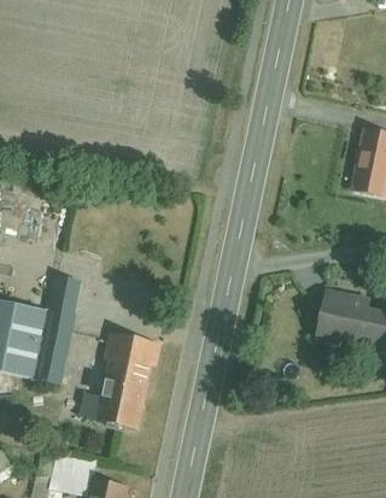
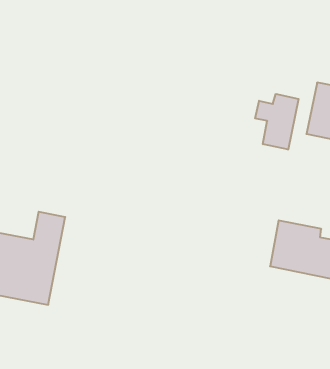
building: none -> [255,94,299,150]
building: [90,332,159,424] -> none

